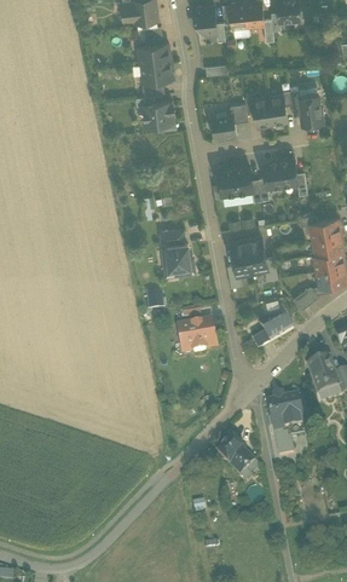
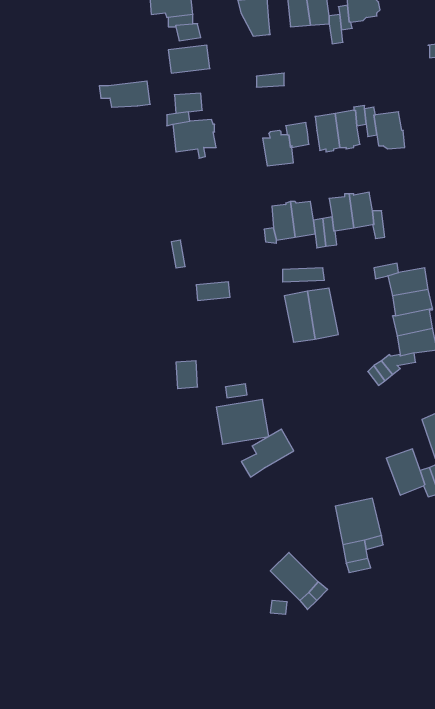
building: [132,59,172,80] -> [99,81,150,107]
building: [160,241,196,275] -> none
building: [250,311,291,348] -> [241,429,294,477]

